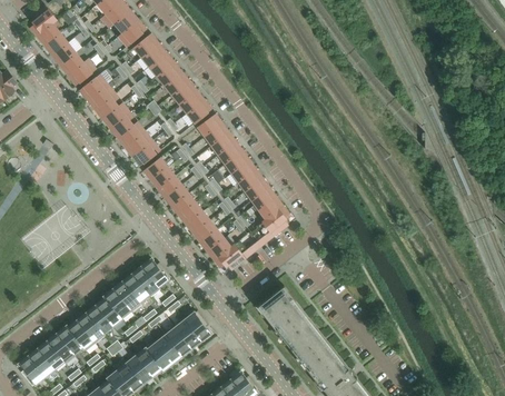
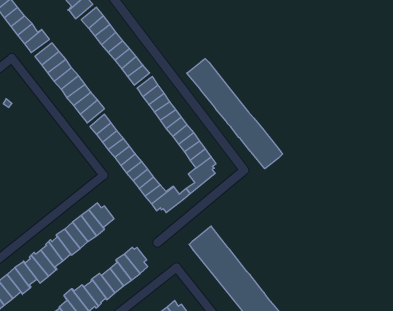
building: none -> [187,59,283,169]

